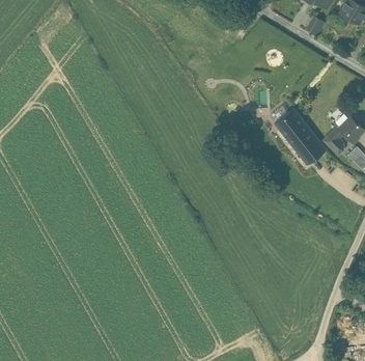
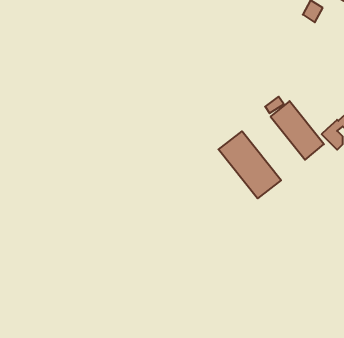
building: none -> [218,131,281,198]

